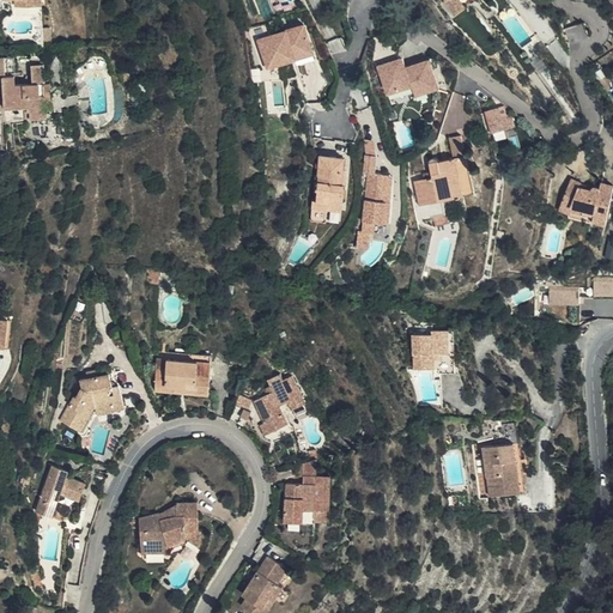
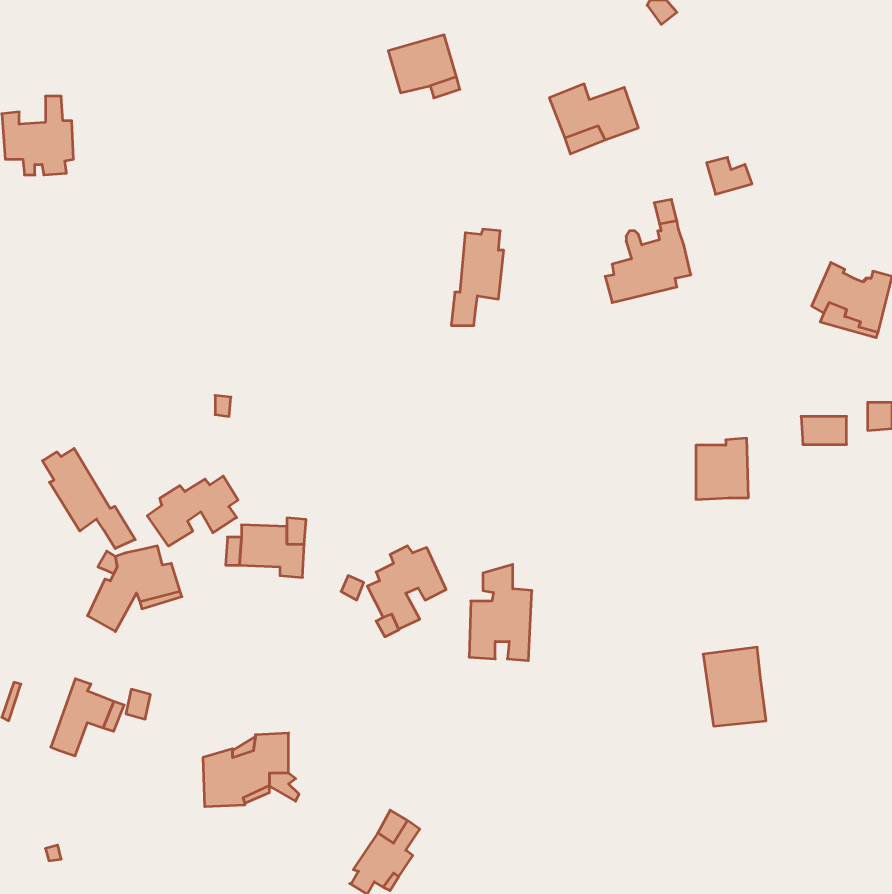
building: [364,156,392,233] -> none
building: none -> [42,448,135,549]
building: none -> [147,476,238,546]
building: [412,329,448,371] -> [696,438,748,499]
building: [286,457,329,523] -> [469,564,532,661]

